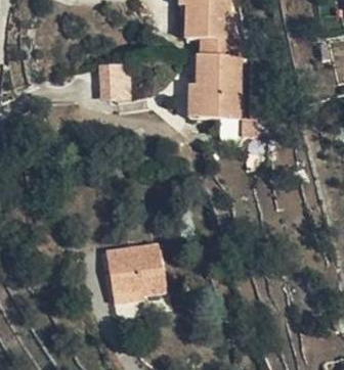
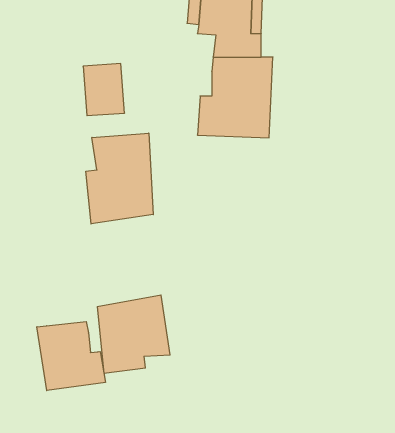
building: none -> [86,133,153,224]
building: none -> [37,322,105,391]

